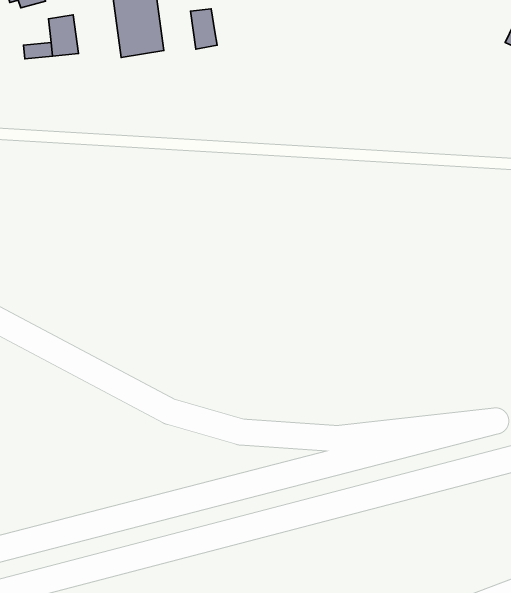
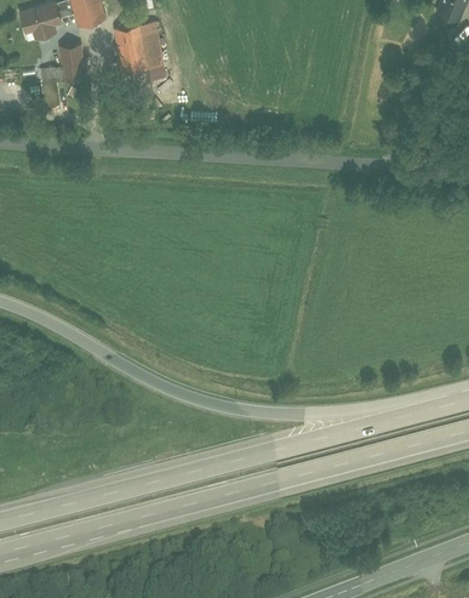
building: [190,9,217,49] -> none

